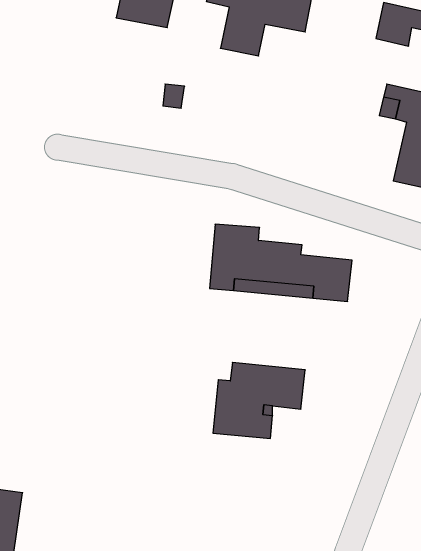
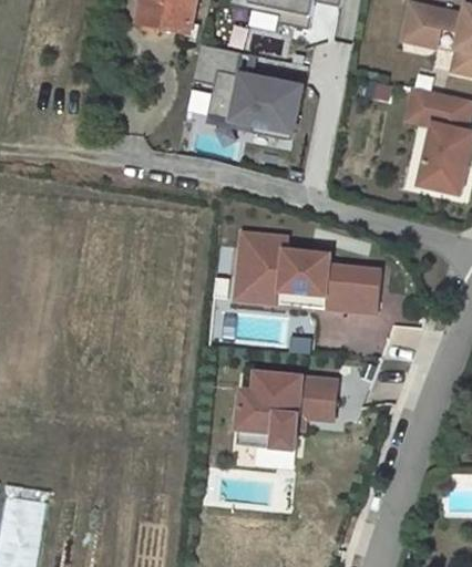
building: none -> [208,69,301,136]

